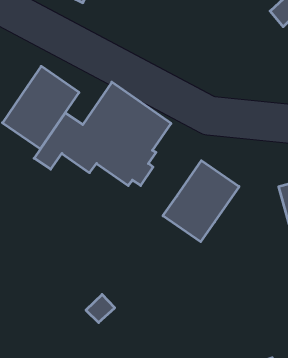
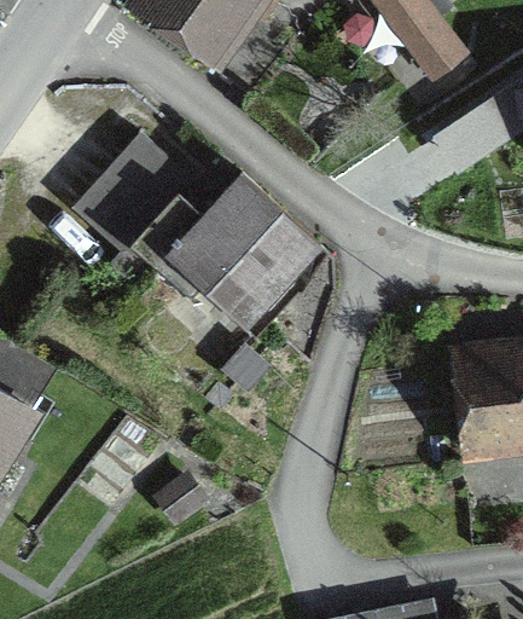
building: [163,161,239,242] -> none

